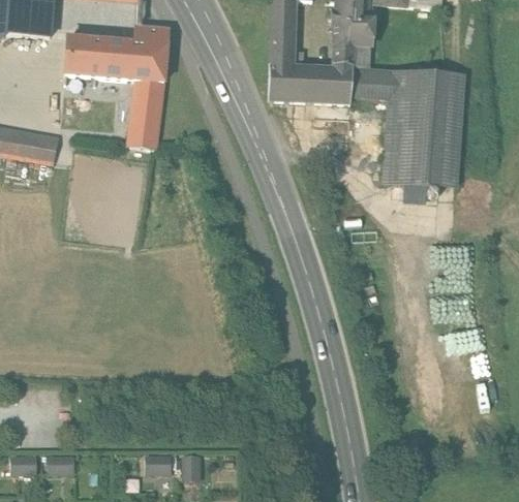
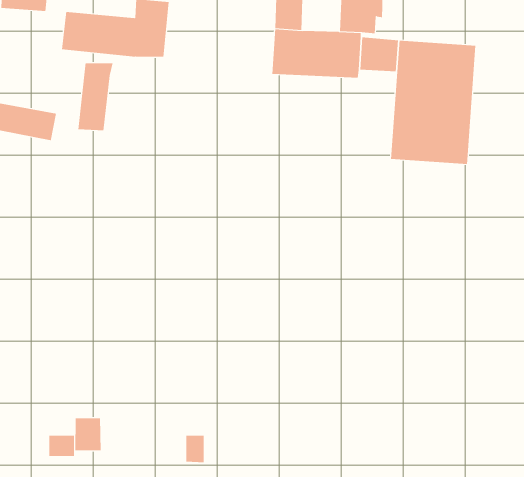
building: [126,84,161,150] -> [78,63,114,131]
building: none -> [75,418,101,451]
building: [145,449,173,472] -> none
building: [9,450,37,475] -> none

